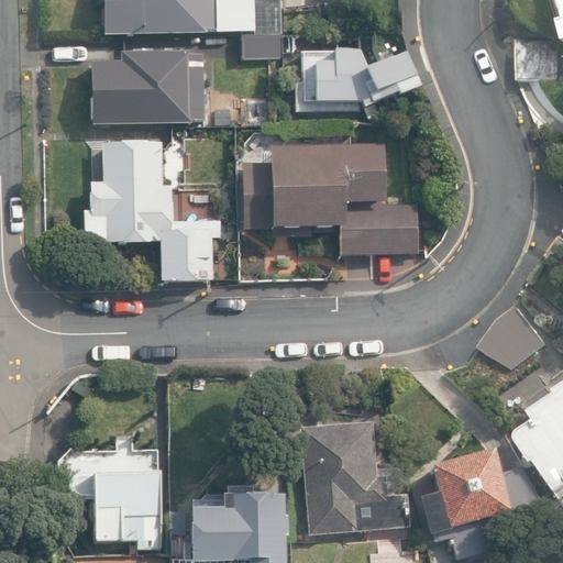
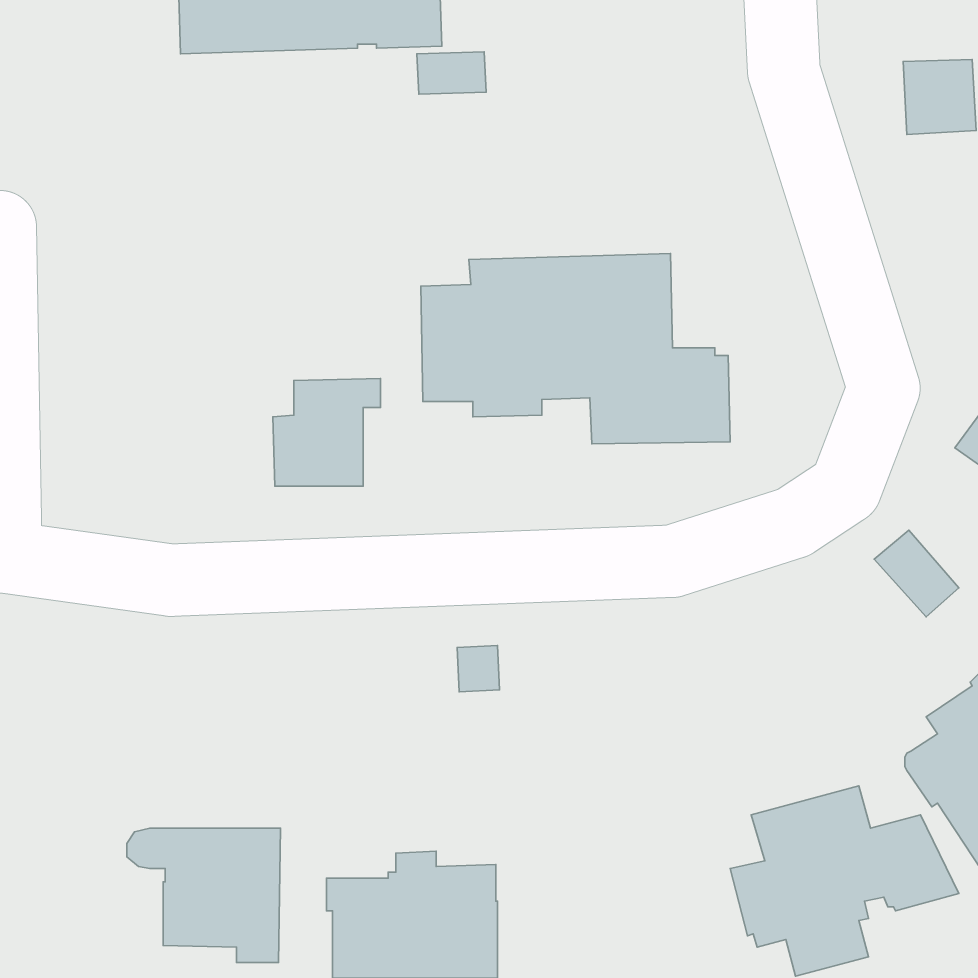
building: [297,33,424,112] -> none
building: [90,47,203,121] -> none
building: [82,139,170,240] -> none
building: [301,421,412,534] -> none

